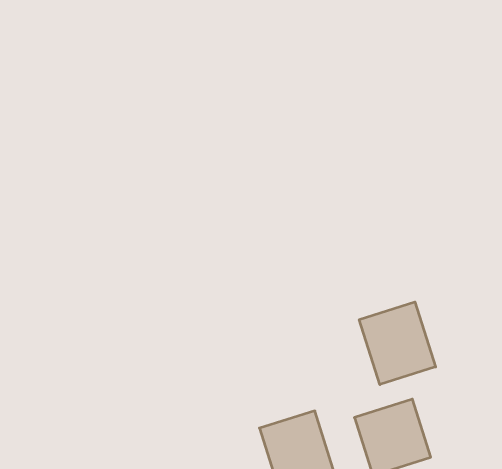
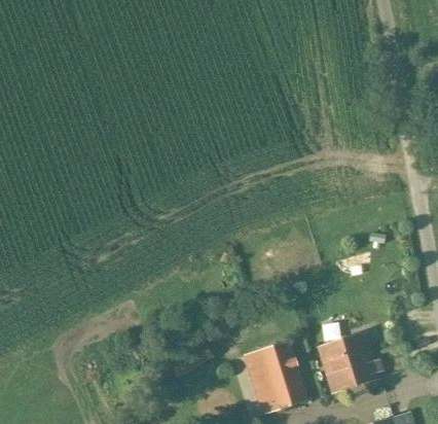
building: [359,302,436,385] -> none

